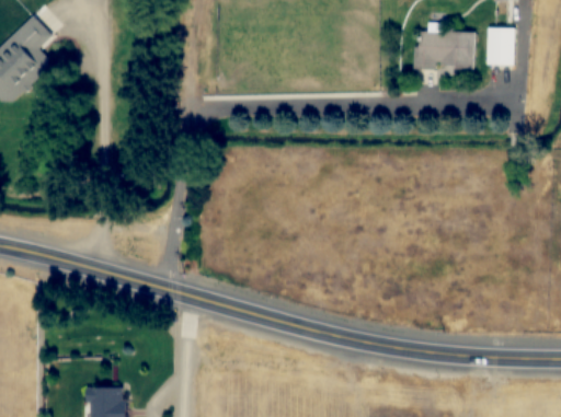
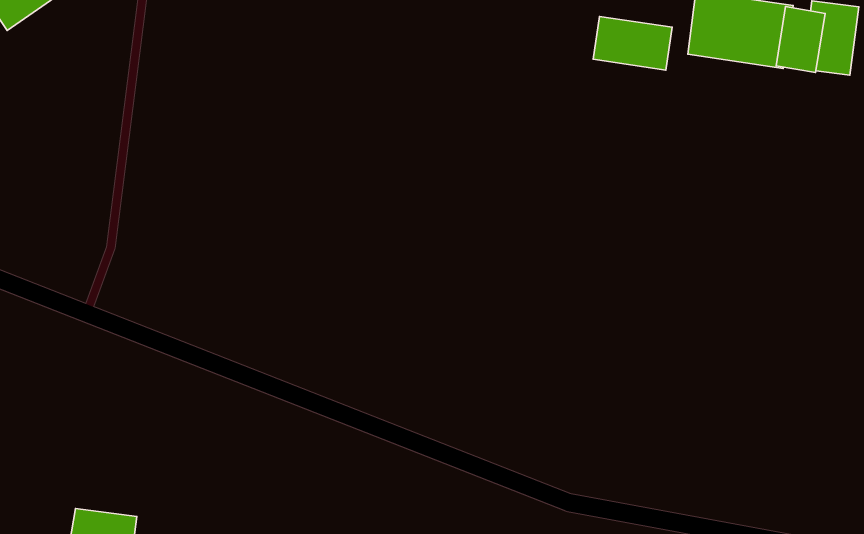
building: none -> [593,17,672,70]

